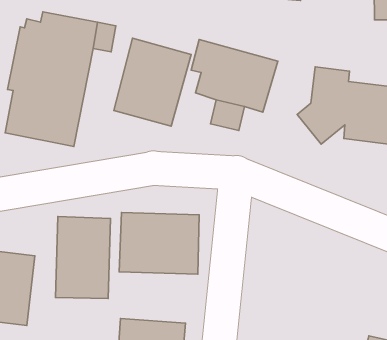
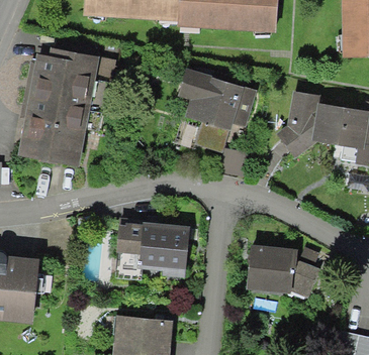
building: [114,38,191,126] -> none
building: [56,216,110,298] -> none
building: none -> [245,250,311,298]

